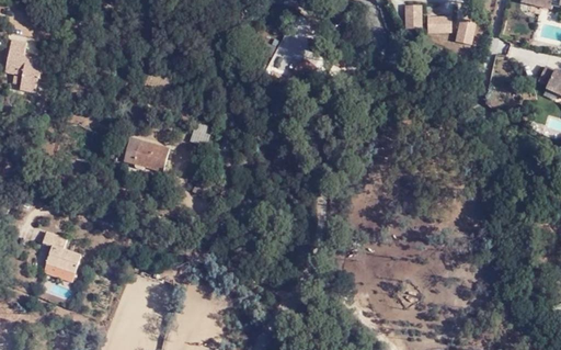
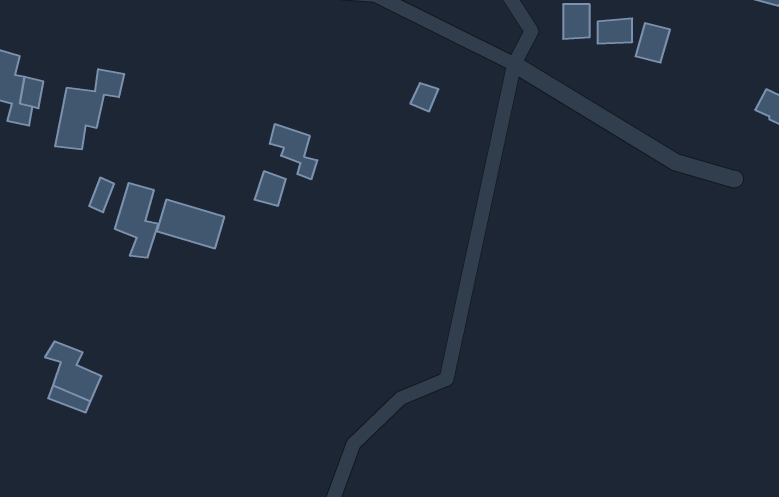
building: none -> [55,69,124,149]
building: none -> [270,124,317,179]
building: none -> [115,183,158,258]

